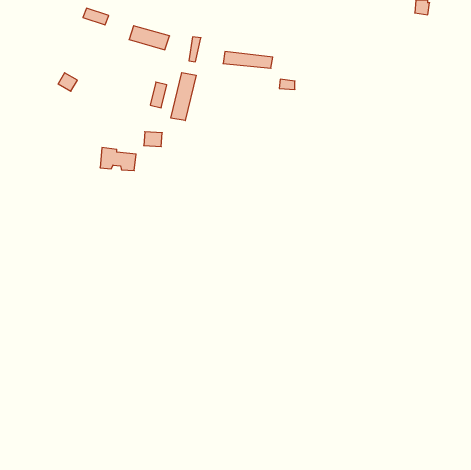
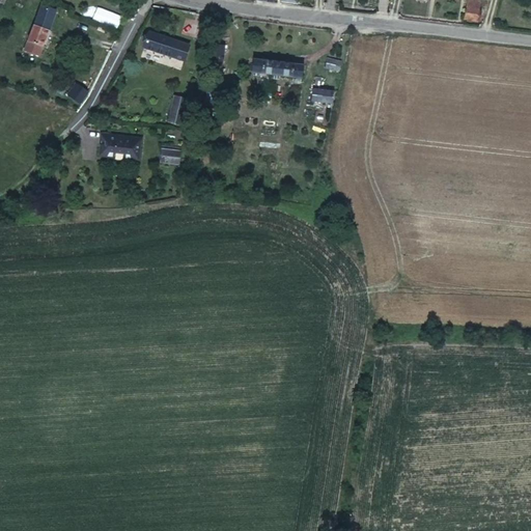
building: none -> [23,6,53,56]
building: [171,73,196,121] -> none
building: [100,148,136,171] -> [96,131,137,157]

